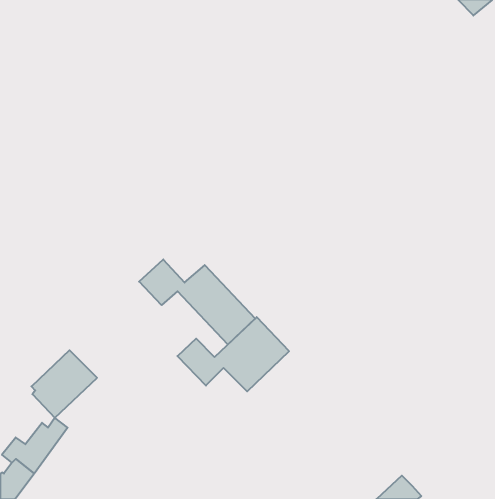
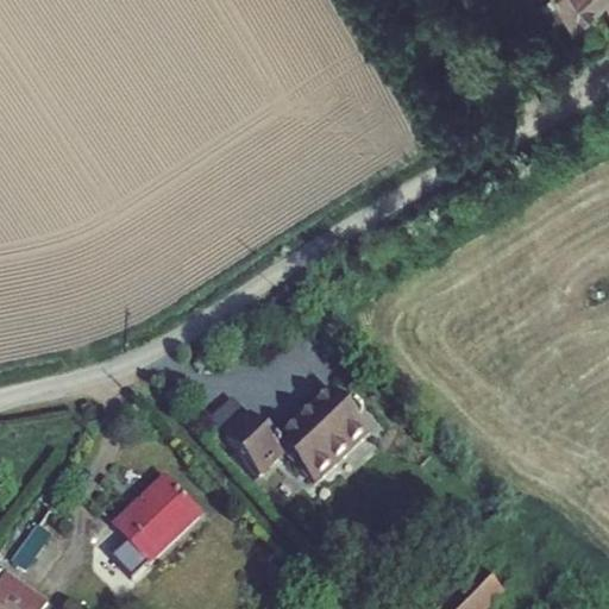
building: [139,259,255,345] -> none
building: [31,350,97,418] -> [120,479,200,561]

